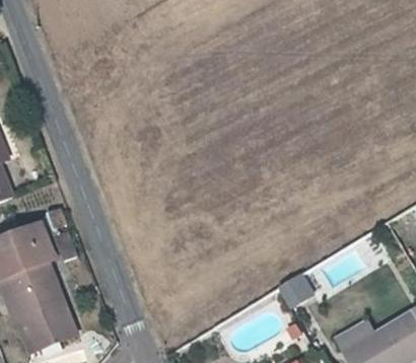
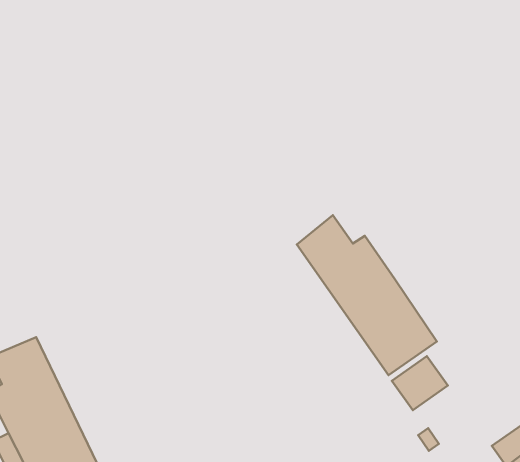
building: none -> [297,215,437,375]

